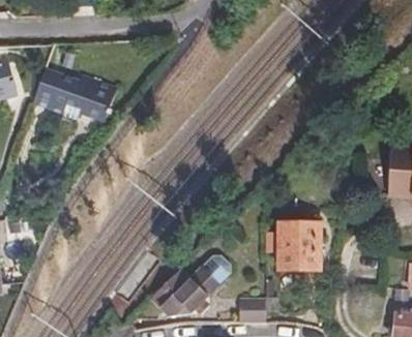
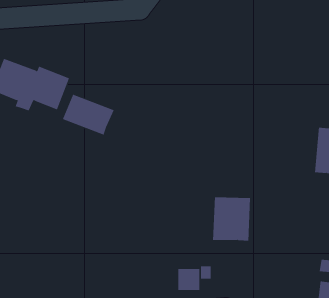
building: none -> [62,94,114,136]
building: [155,266,218,319] -> none

